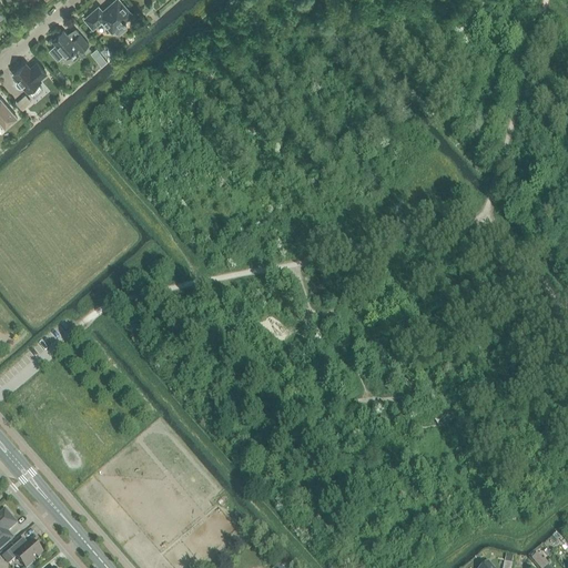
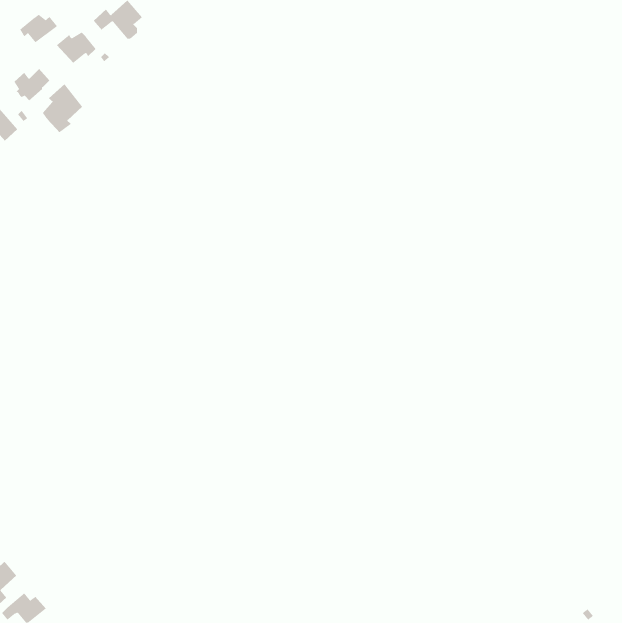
building: none -> [19,14,58,43]
building: none -> [42,83,83,133]

